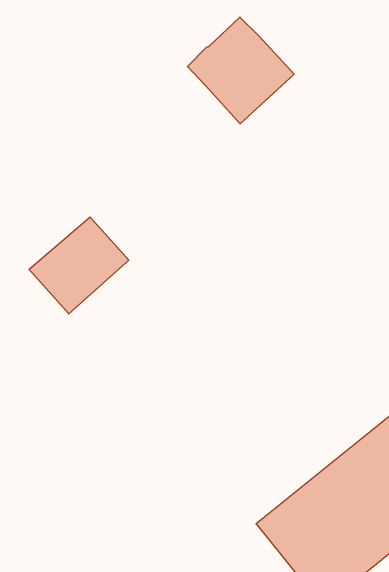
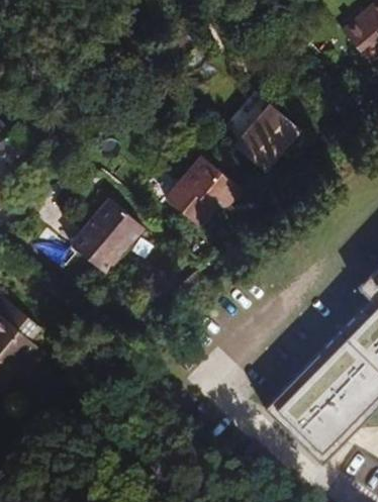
building: [187,17,294,124] -> [221,90,302,170]
building: none -> [166,156,241,227]

